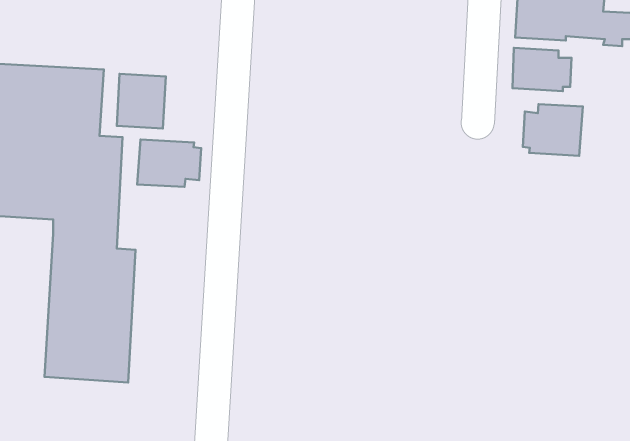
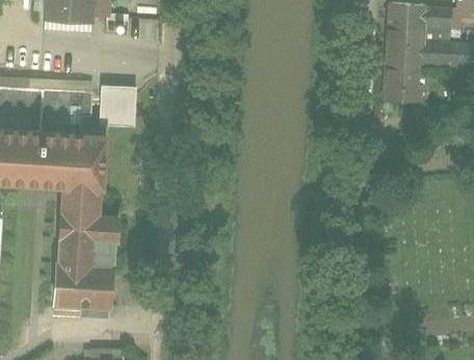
building: [523,104,583,156] -> none
building: [137,139,201,187] -> none

